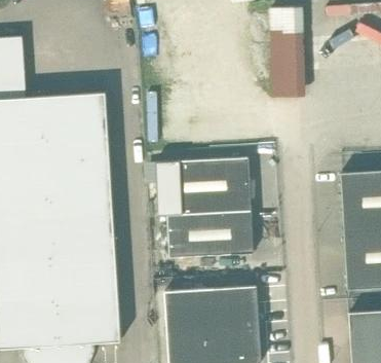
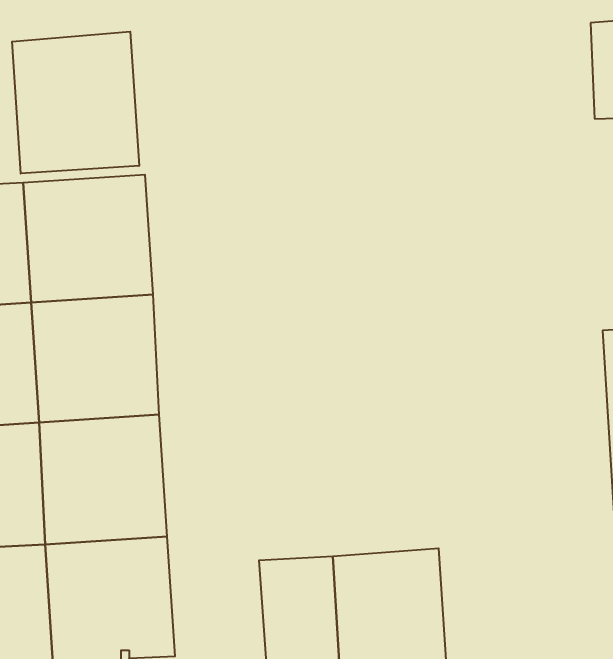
building: [271,9,305,97] -> none
building: none -> [12,32,139,174]
building: [156,157,254,257] -> none

